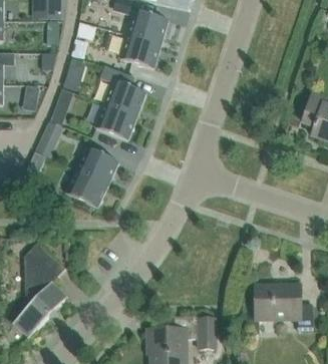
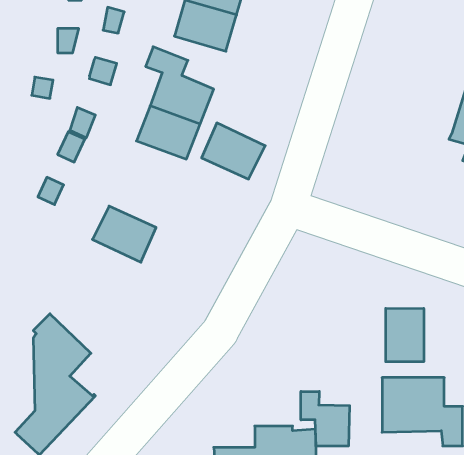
building: [77,146,119,184] -> [202,123,265,179]
building: none -> [386,308,424,362]
building: none -> [301,391,350,446]

